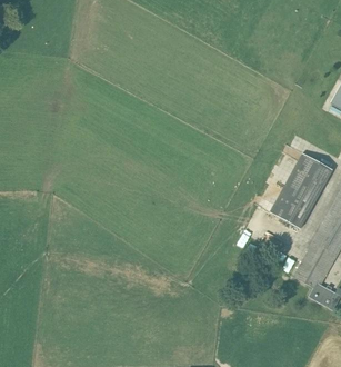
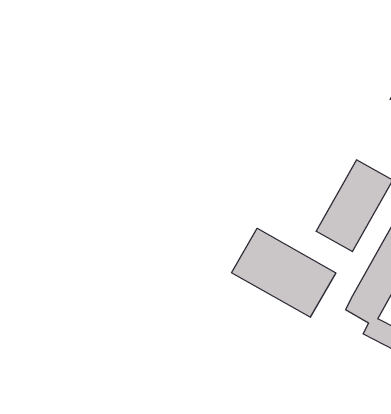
building: none -> [232,228,336,317]

